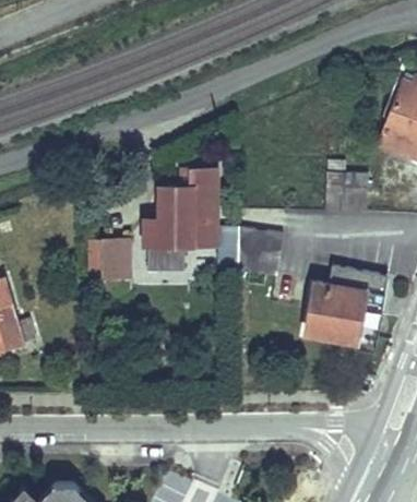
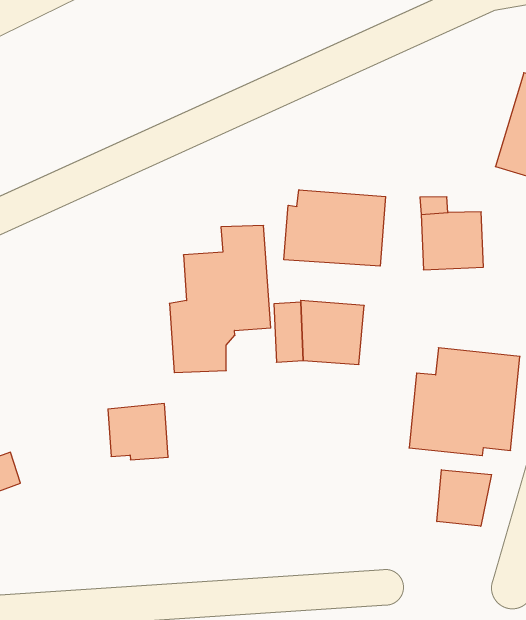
building: none -> [284,190,386,266]
building: [88,240,128,277] -> [108,404,168,460]
building: none -> [437,470,492,526]

